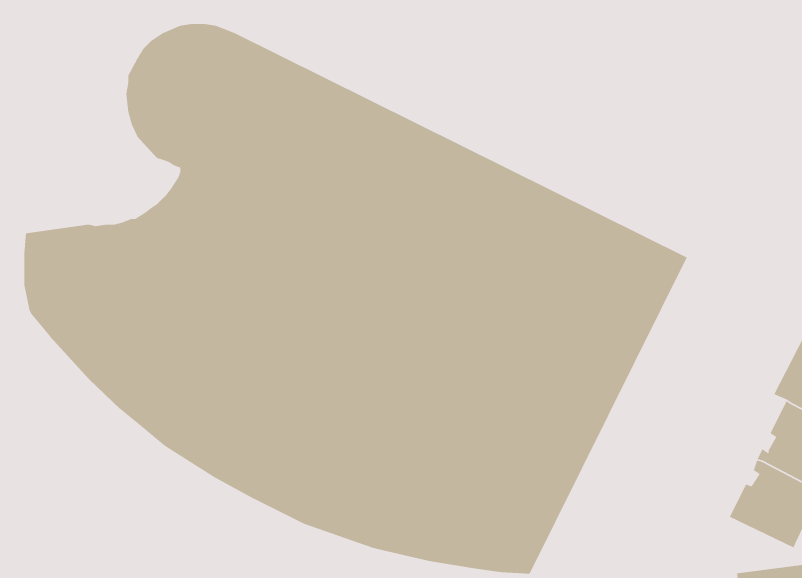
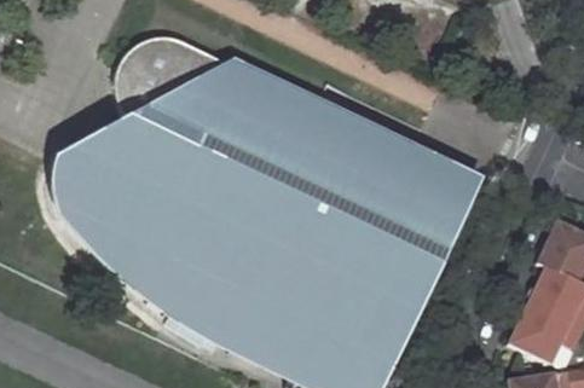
building: none -> [92,110,151,156]

